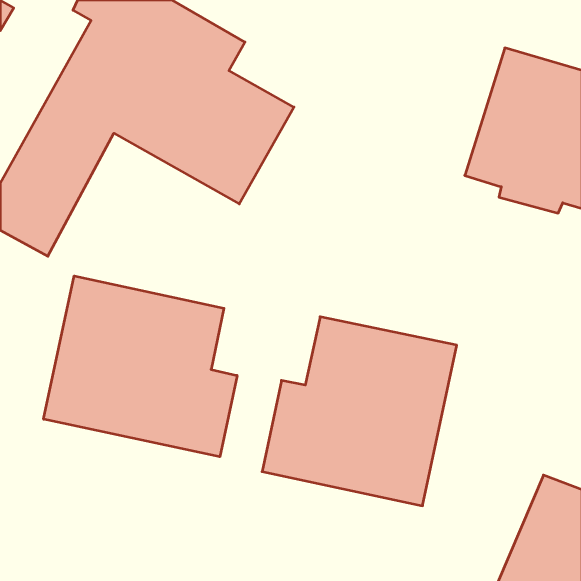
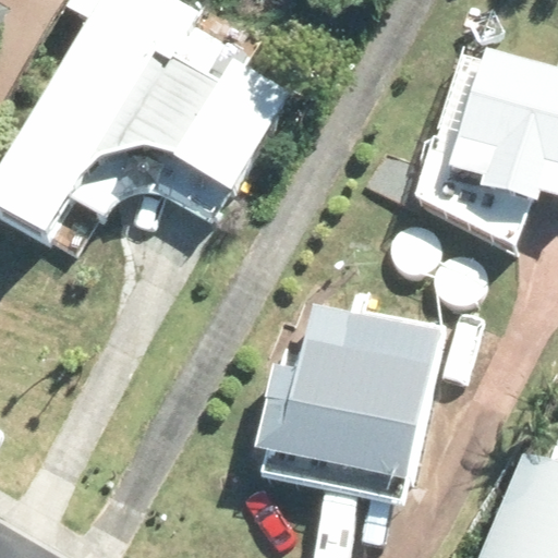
building: [44,276,237,457] -> none

